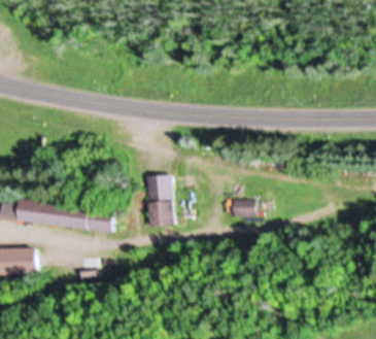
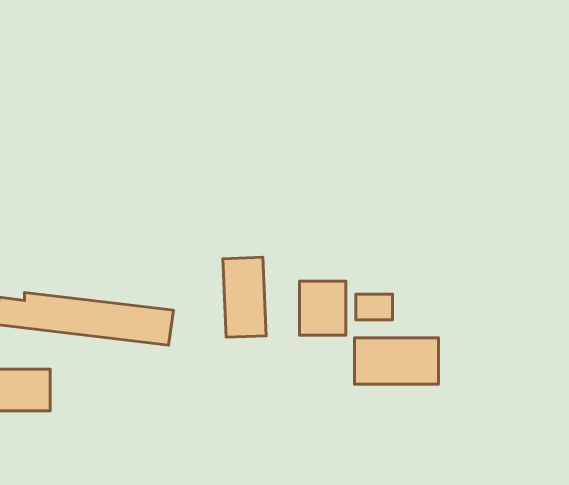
building: none -> [299,281,346,335]
building: none -> [354,338,439,384]

